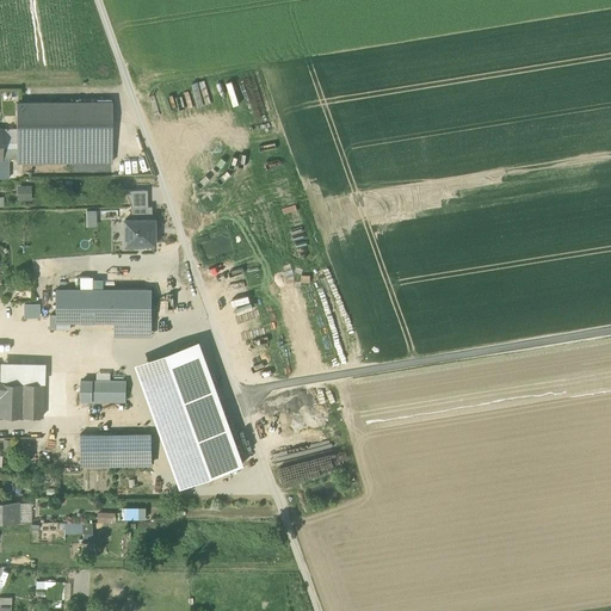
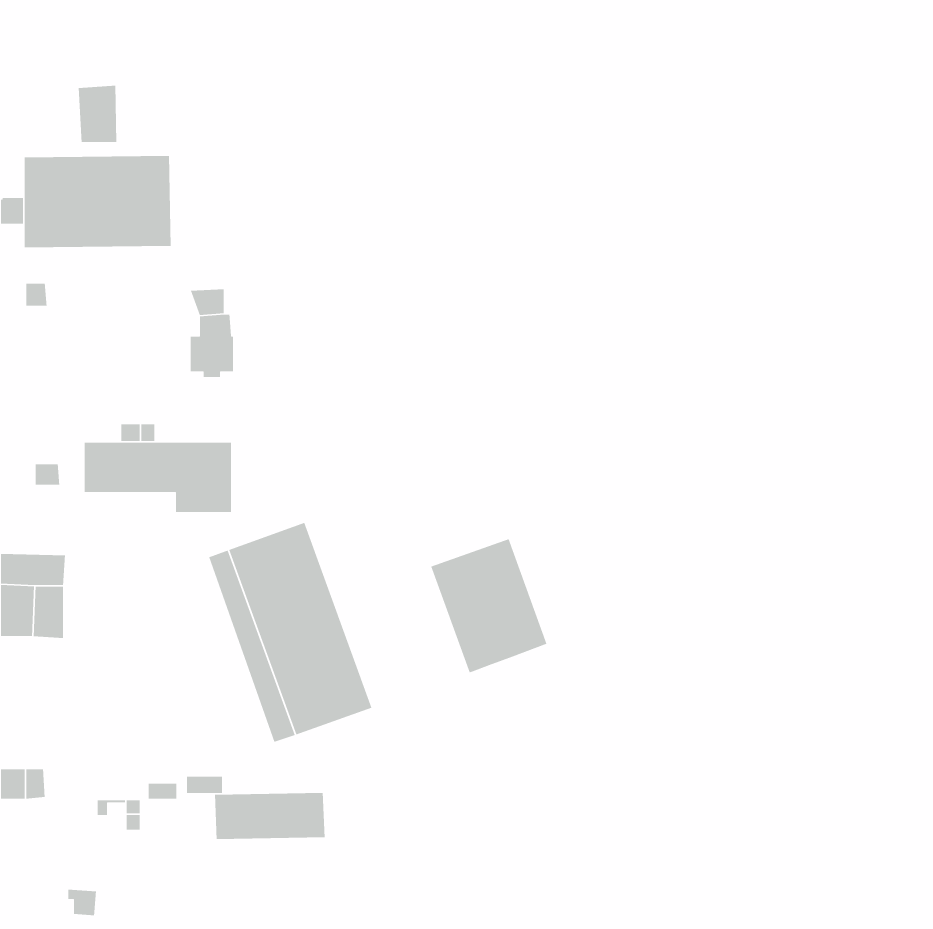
building: none -> [78,85,117,143]
building: none -> [430,538,548,674]
building: [81,382,125,402] -> none
building: [79,436,152,467] -> [214,792,325,840]

